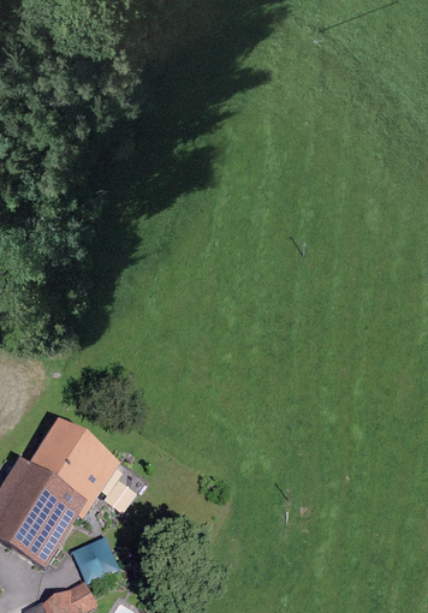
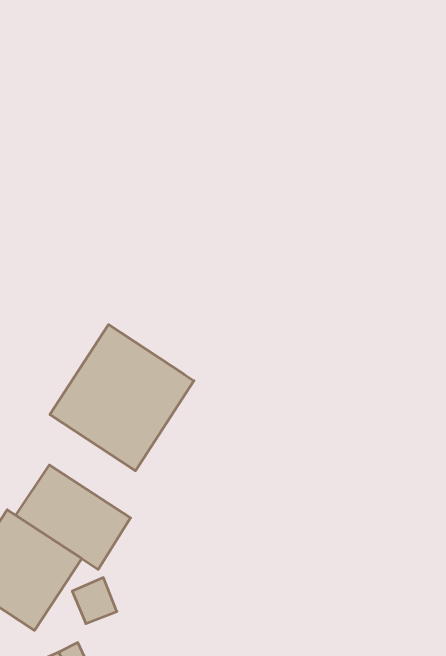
building: none -> [50,325,194,471]

